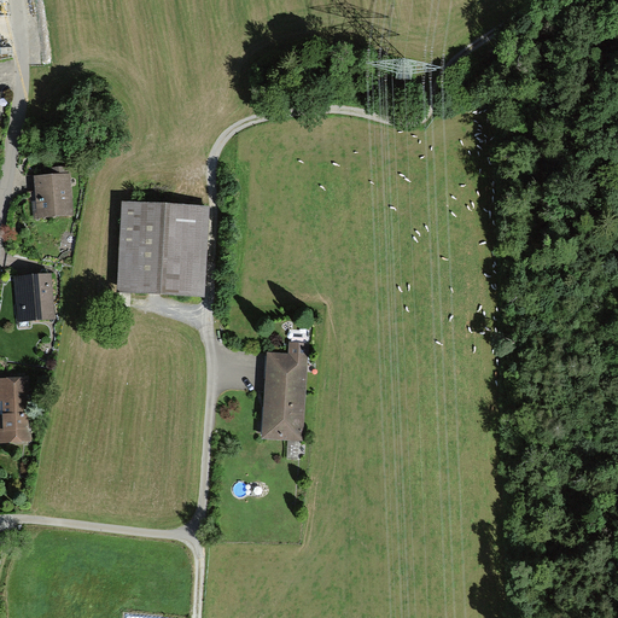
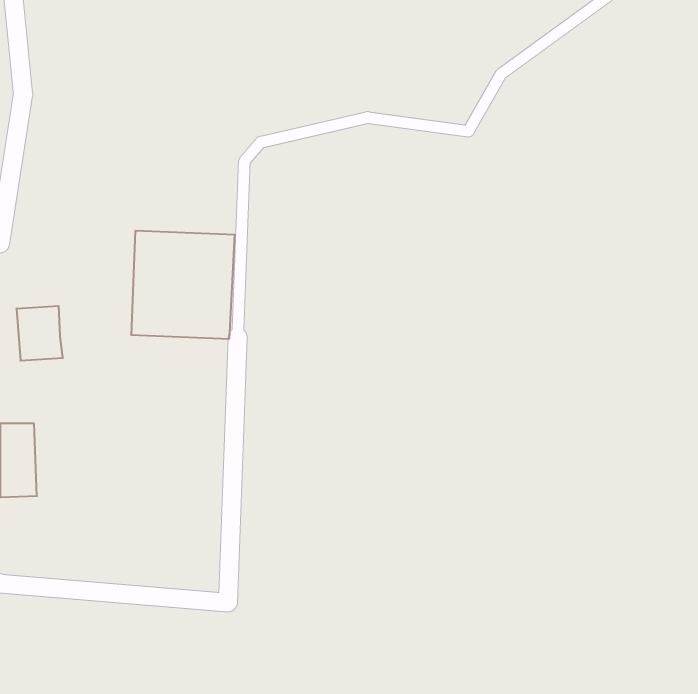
building: [33,169,75,215] -> none
building: [261,342,309,439] -> none

